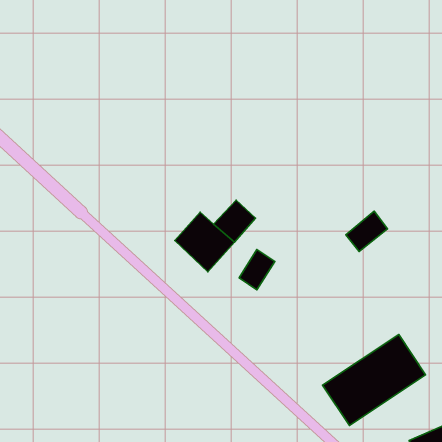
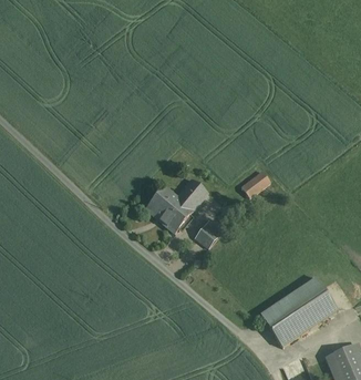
building: [346,211,388,251] -> [244,166,275,196]

